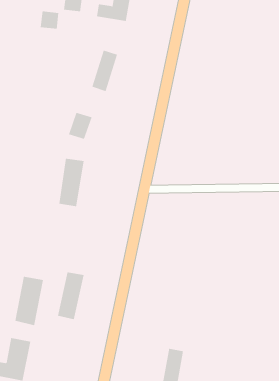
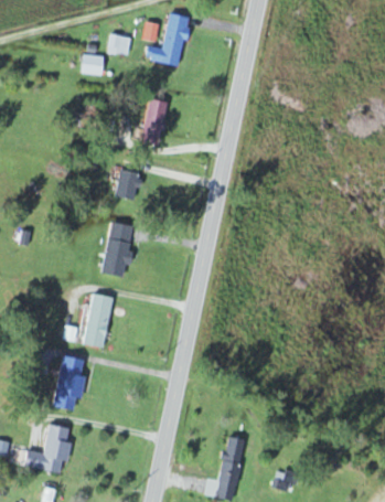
building: [57,272,84,320] -> [83,292,114,346]

